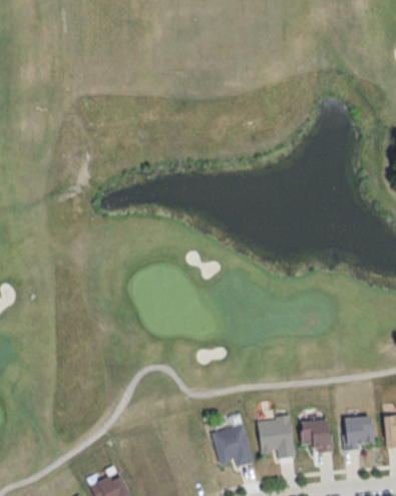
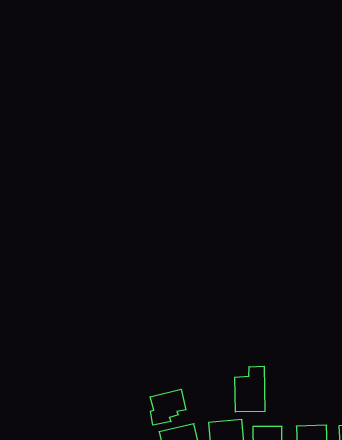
building: none -> [235,366,265,412]
building: none -> [150,389,186,425]

